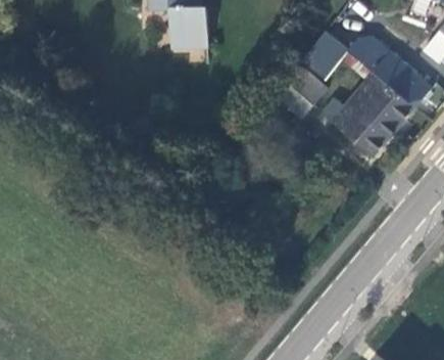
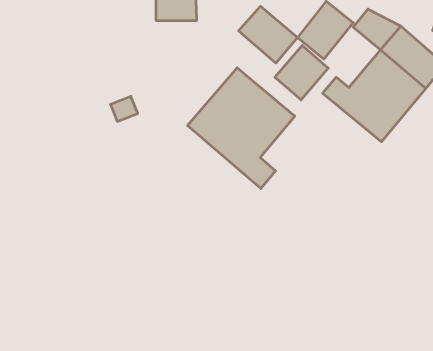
building: none -> [239,6,298,63]
building: none -> [188,68,295,189]

